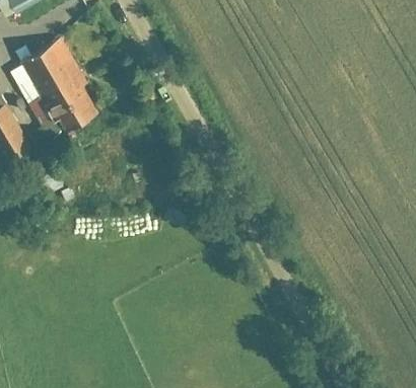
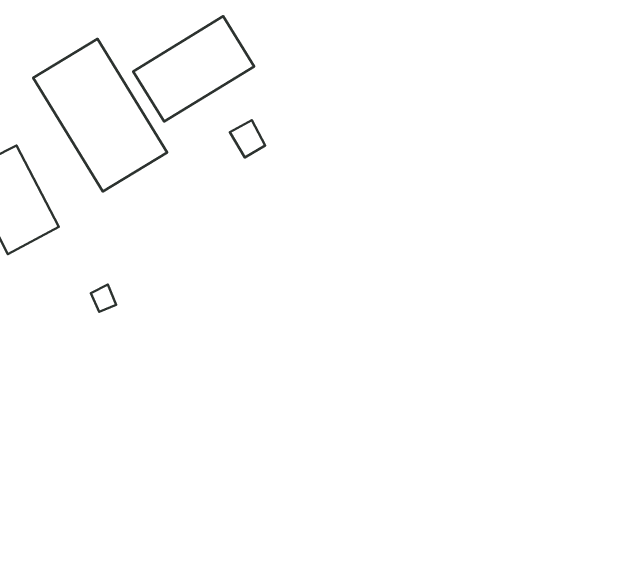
building: none -> [133,16,254,121]

